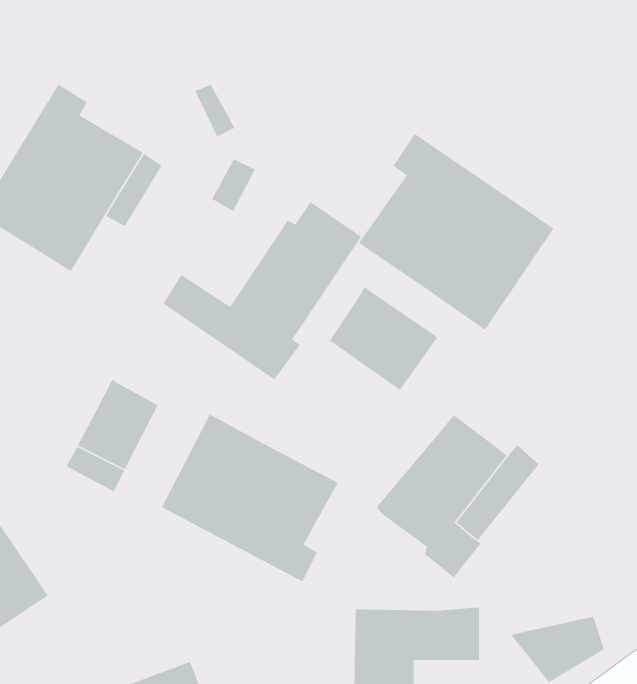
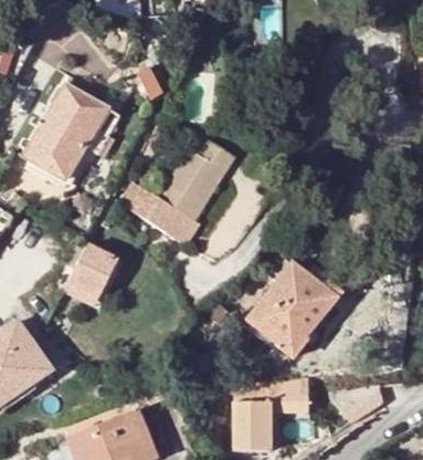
building: [358,133,554,331] -> none
building: [329,286,439,391] -> none
building: [161,414,339,582] -> none

